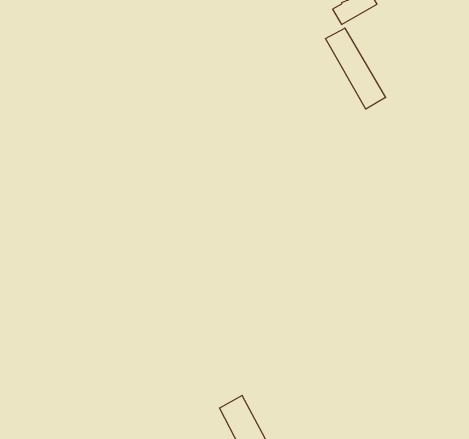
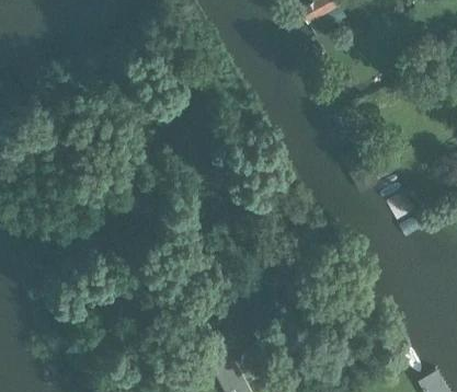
building: [325,28,386,109] -> none

